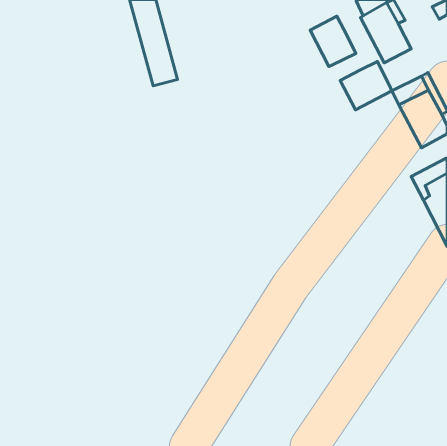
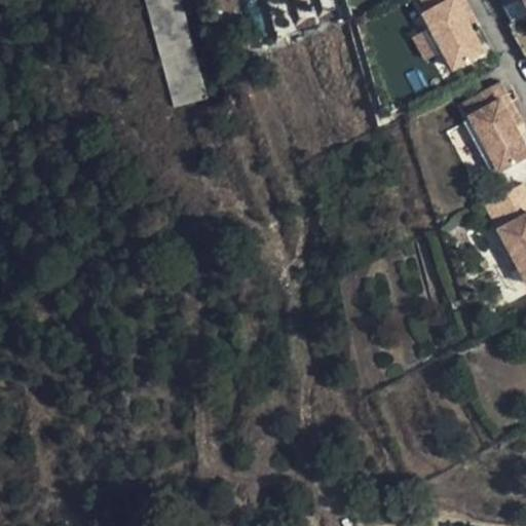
building: [310,16,356,66] -> none
building: [340,62,392,110] -> none

